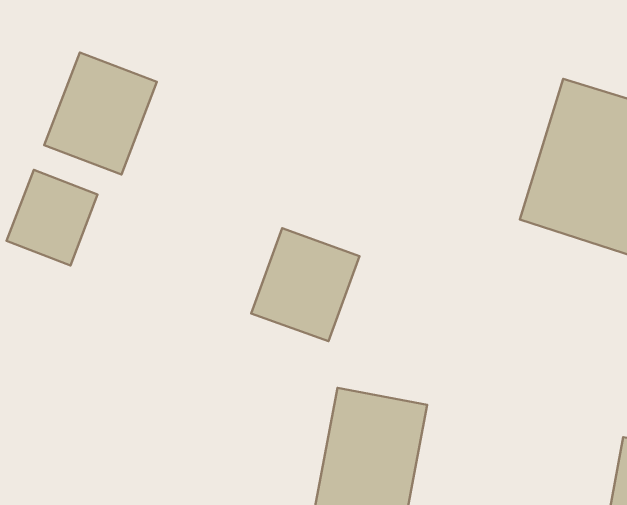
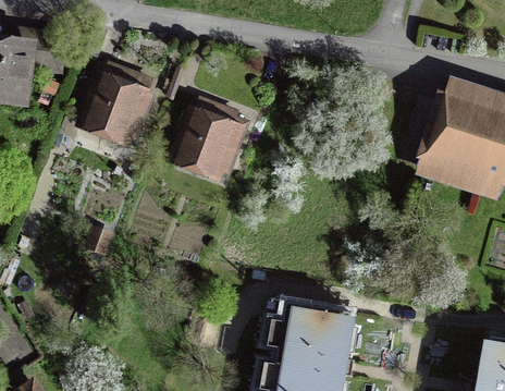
building: [6,170,98,265] -> none
building: [251,228,359,341] -> [175,107,251,186]

